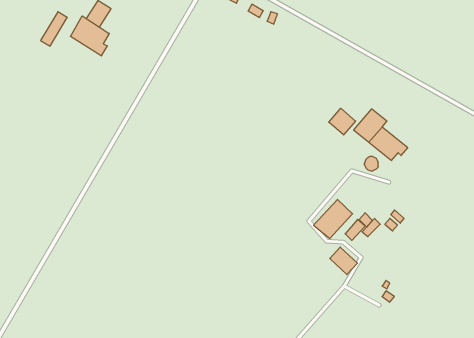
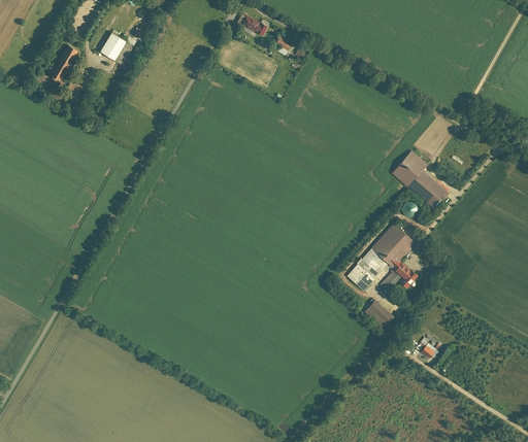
building: [70,16,109,56] -> none
building: [329,108,356,135] -> none
building: none -> [372,223,416,267]

